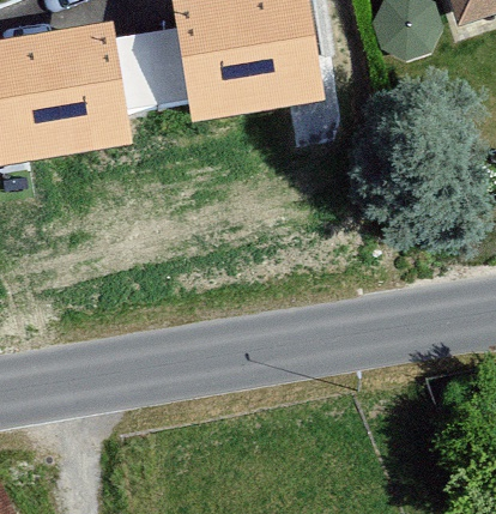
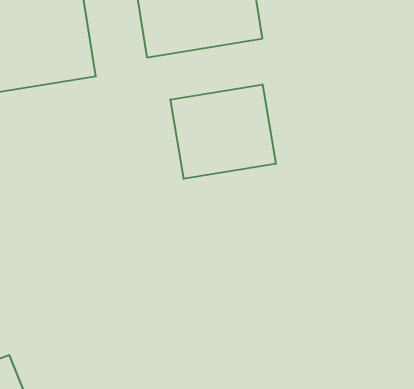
building: none -> [170,84,276,179]

